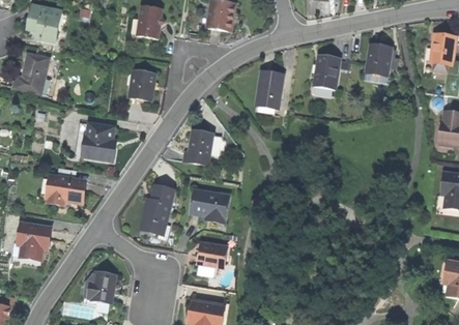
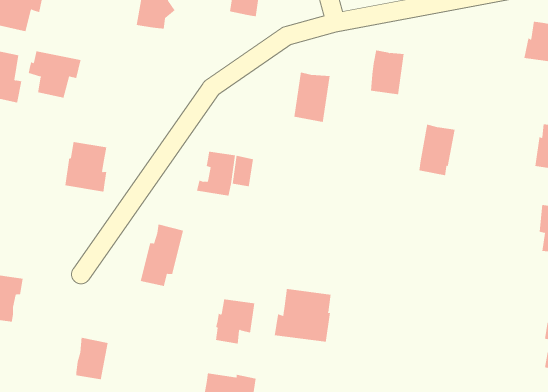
building: [364,43,392,83] -> [418,124,455,176]
building: none -> [28,50,81,99]
building: [126,70,154,101] -> none
building: [45,168,83,205] -> none
building: [190,190,227,224] -> none
building: none -> [274,288,331,342]

